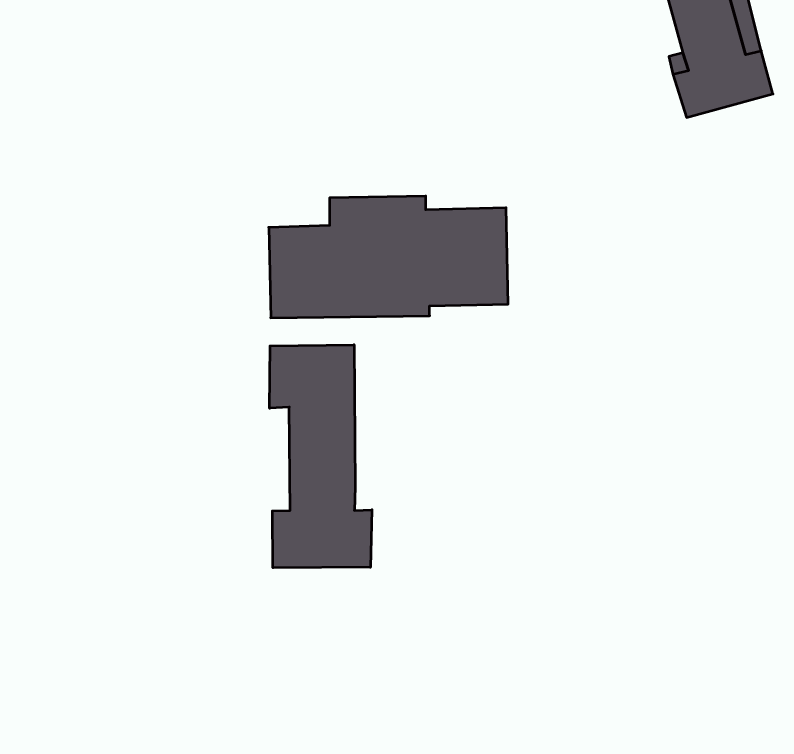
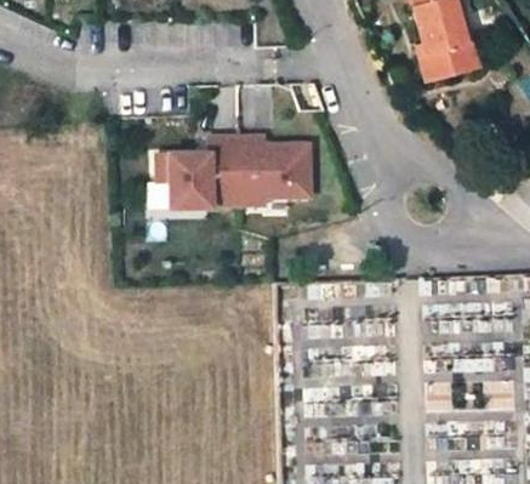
building: [270,345,372,568] -> none

